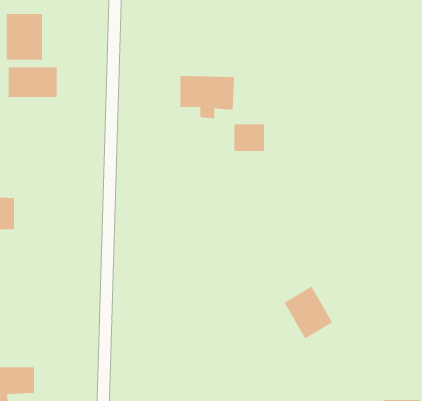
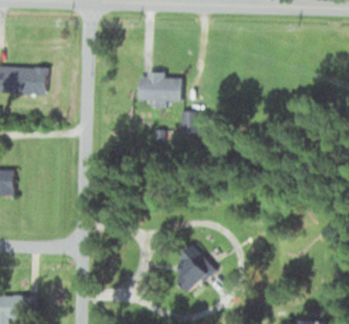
building: [6,13,43,61] -> none
building: [283,286,333,340] -> [171,250,209,291]

